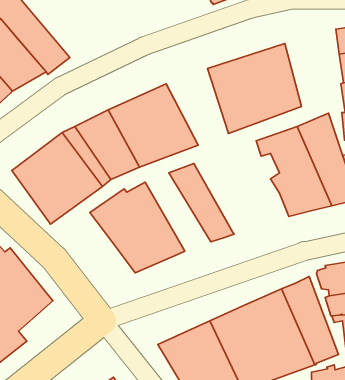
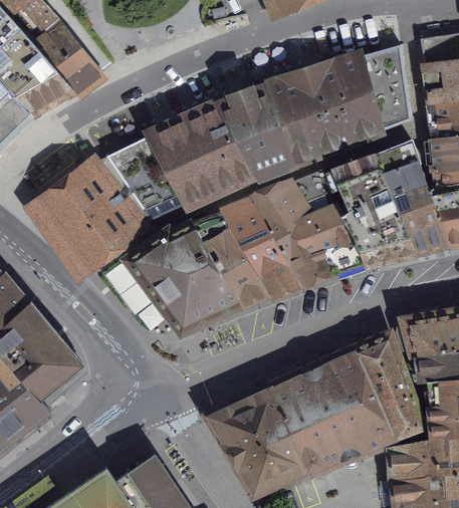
building: none -> [360,46,412,133]
building: none -> [218,87,292,179]
building: none -> [251,171,365,282]
building: none -> [193,212,271,305]

